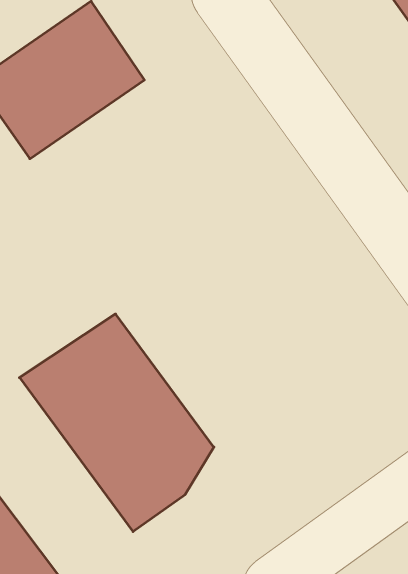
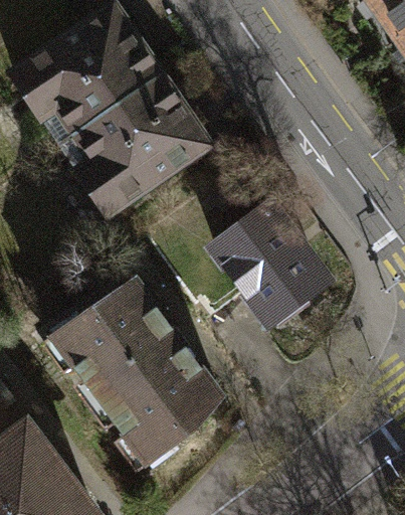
building: none -> [60,75,207,212]
building: none -> [216,207,322,319]

